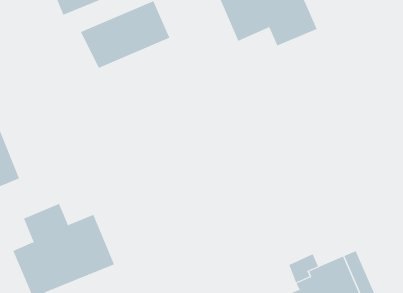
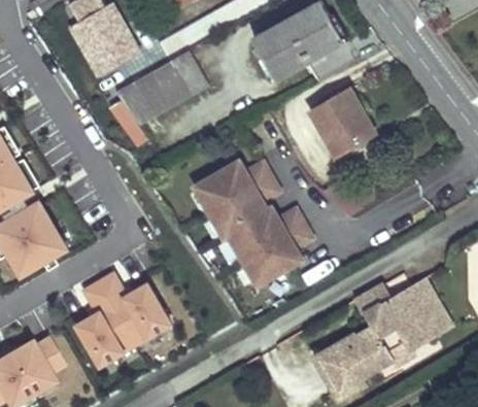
building: none -> [307,92,373,159]
building: none -> [196,171,311,293]

